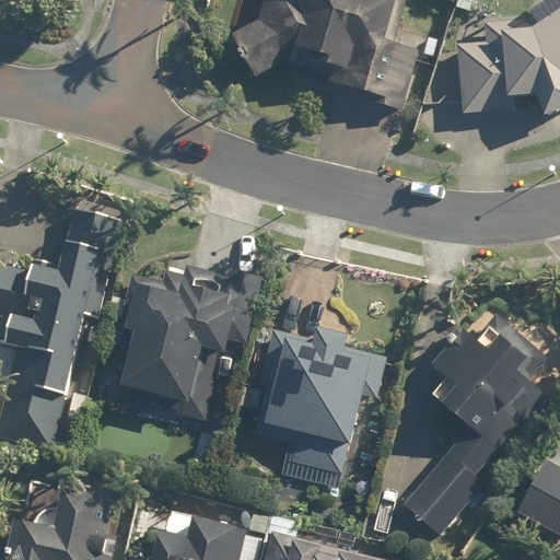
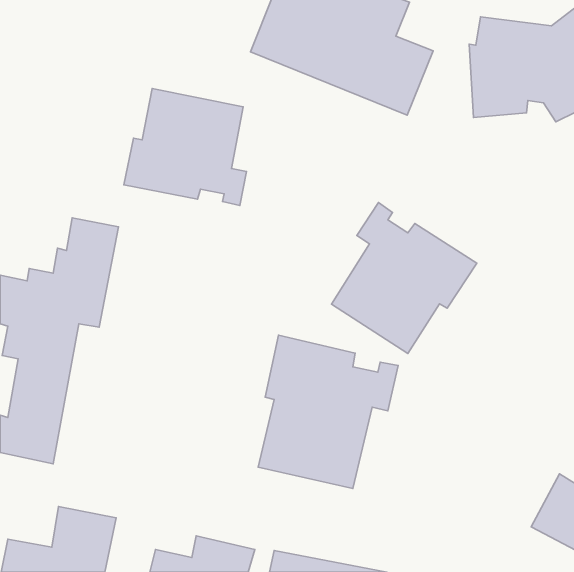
building: none -> [124,89,247,206]
building: none -> [331,203,477,354]
building: [119,258,242,401] -> none
building: [404,310,553,536] -> none

